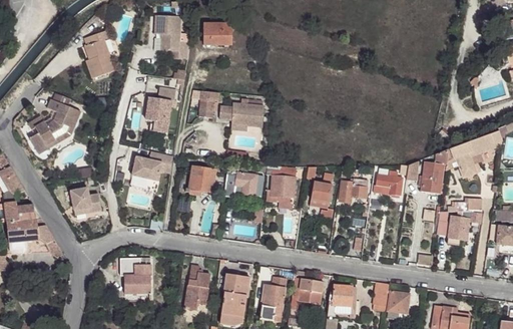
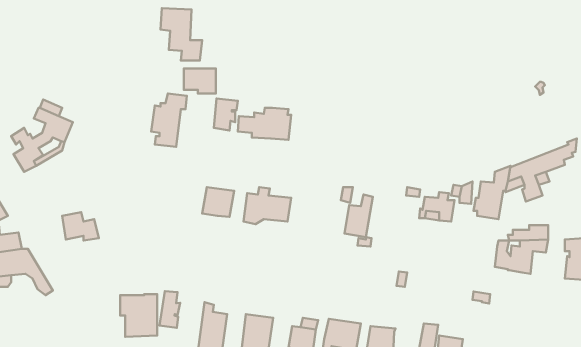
building: [203,23,230,44] -> [184,68,216,93]
building: [84,30,114,78] -> none
building: [132,151,172,181] -> none
building: [266,168,296,208] -> none
building: [339,179,368,202] -> none
building: none -> [159,291,180,328]

